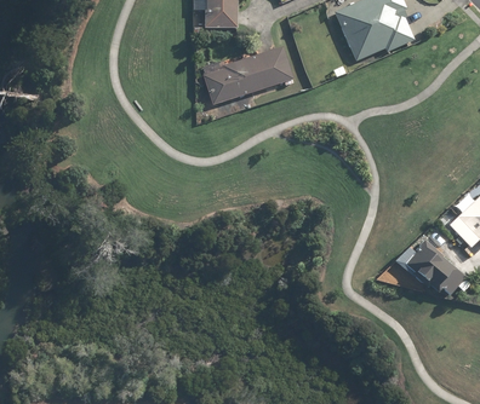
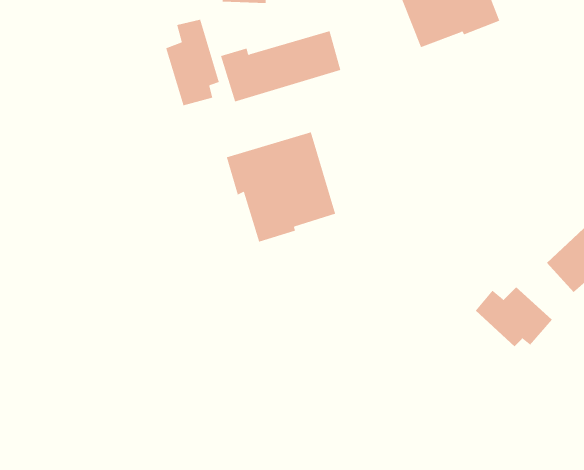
building: none -> [166,19,220,106]
building: none -> [226,132,336,242]

